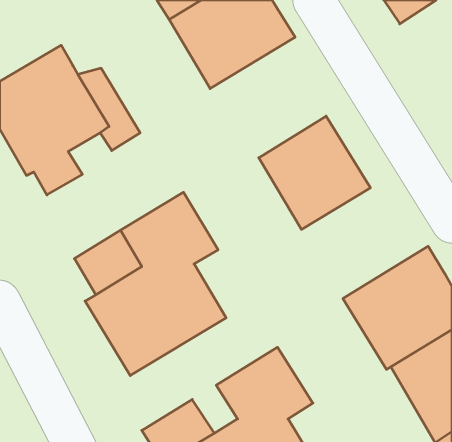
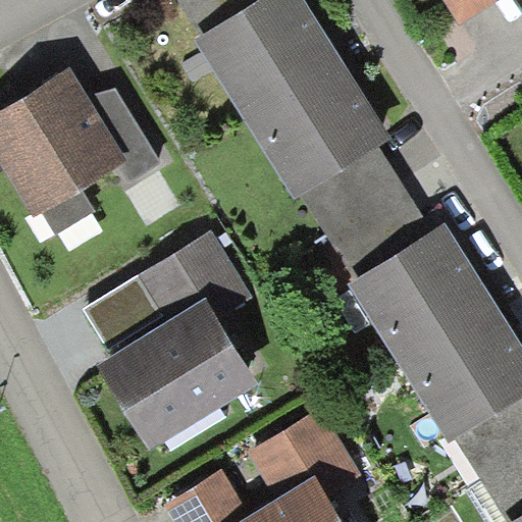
building: none -> [242,55,389,197]
building: none -> [347,217,492,356]

